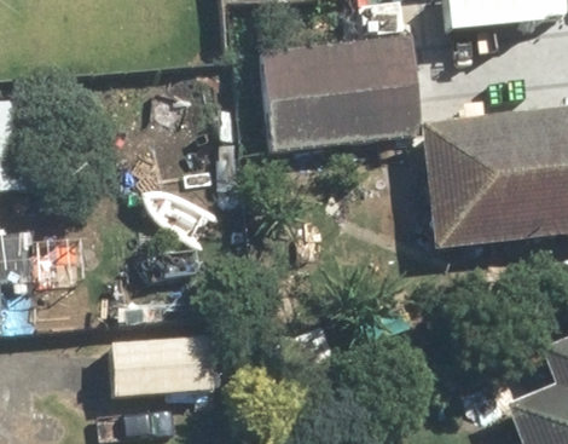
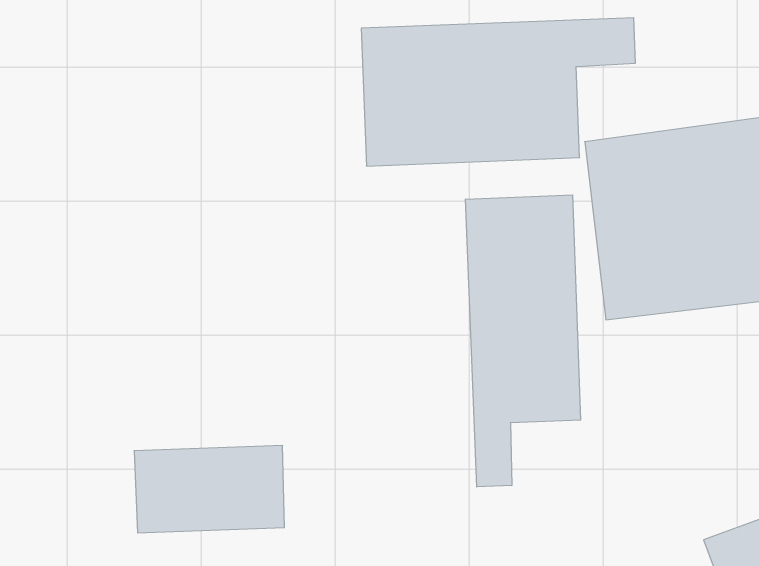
building: none -> [466,195,581,487]

